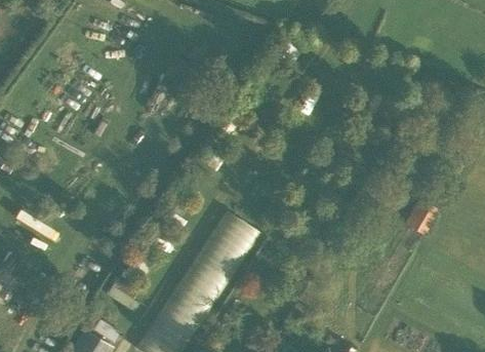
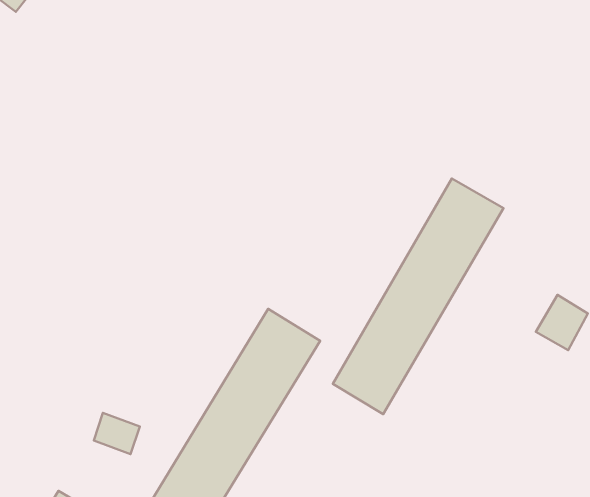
building: none -> [333,178,503,414]

